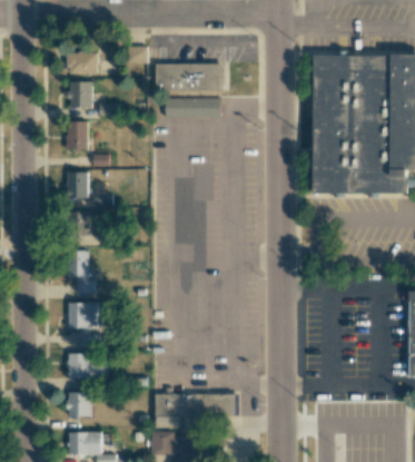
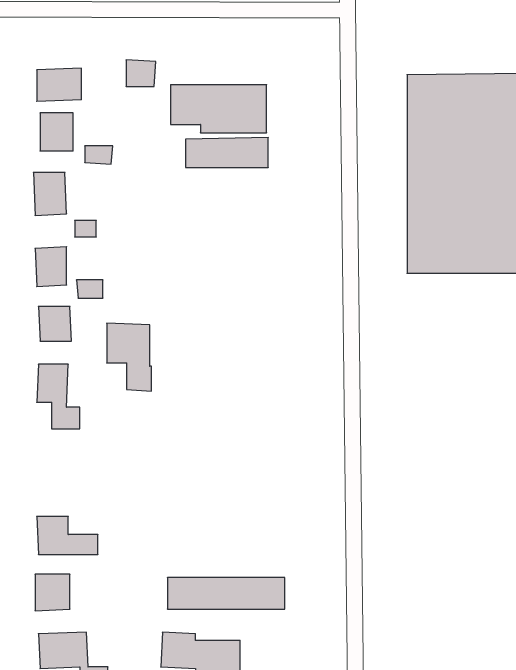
building: [68,302,98,347] -> [107,323,151,391]

